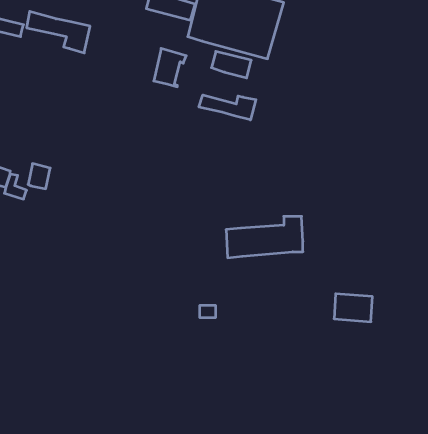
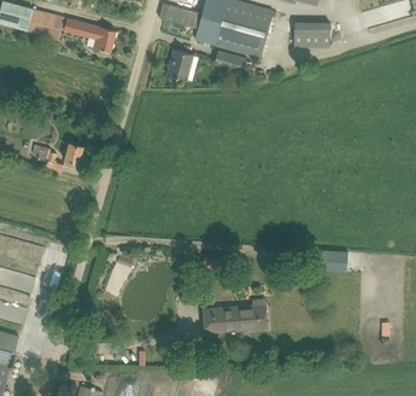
building: none -> [291,21,330,46]
building: [199,95,256,120] -> none
building: [226,216,303,258] -> [204,298,266,332]

